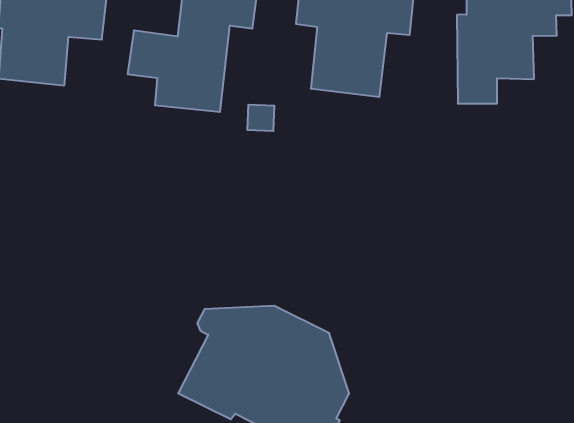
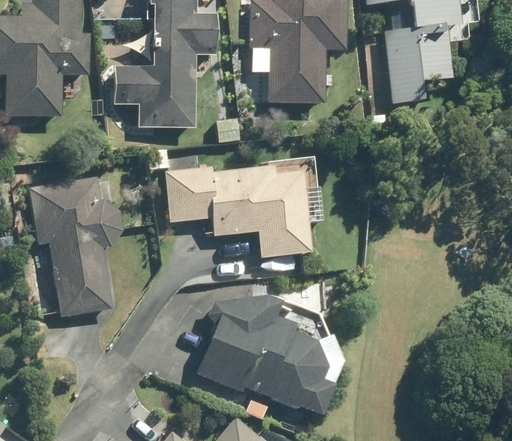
building: none -> [165,166,310,259]
building: none -> [29,178,122,316]

